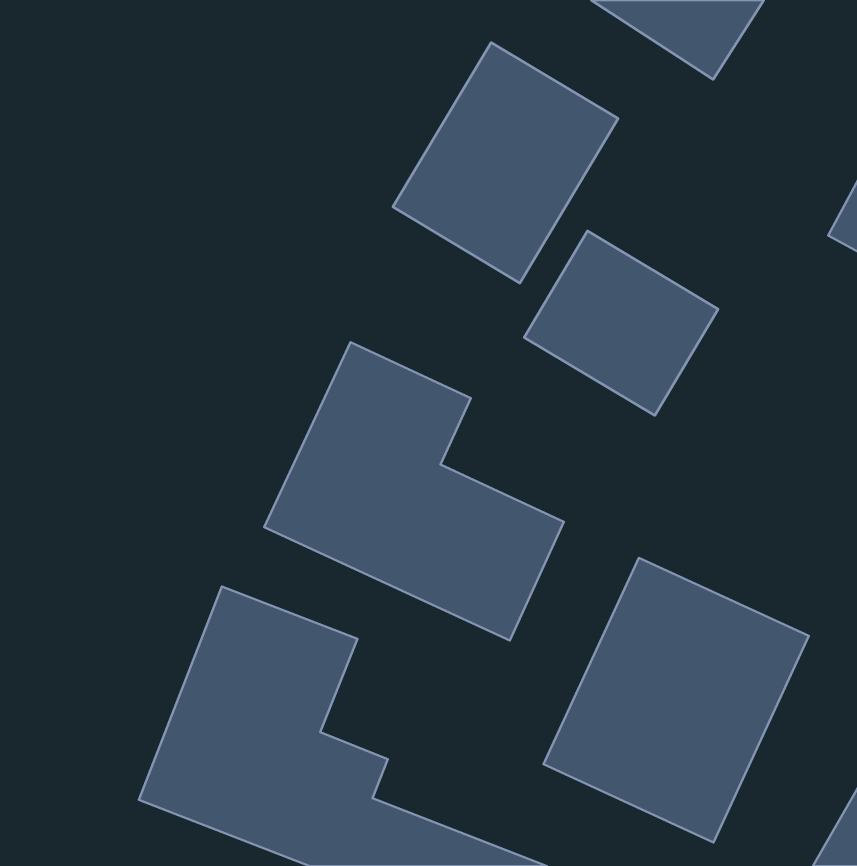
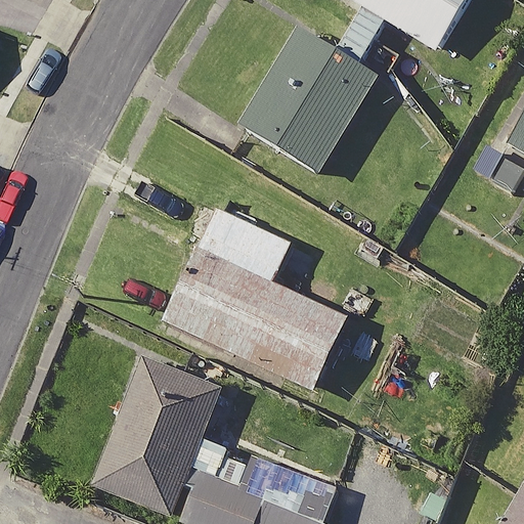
building: [524,231,718,415] -> none
building: [544,558,809,842] -> none

